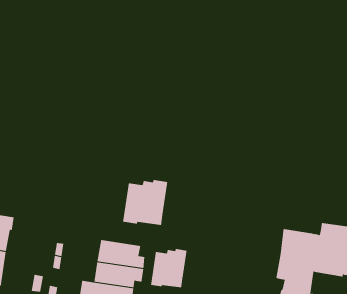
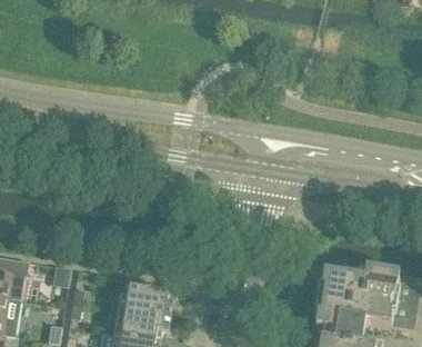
building: [123,179,168,226] -> none
building: [150,248,187,288] -> none

